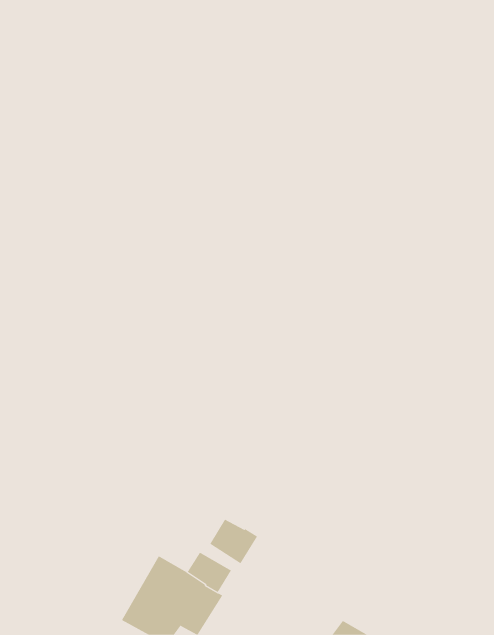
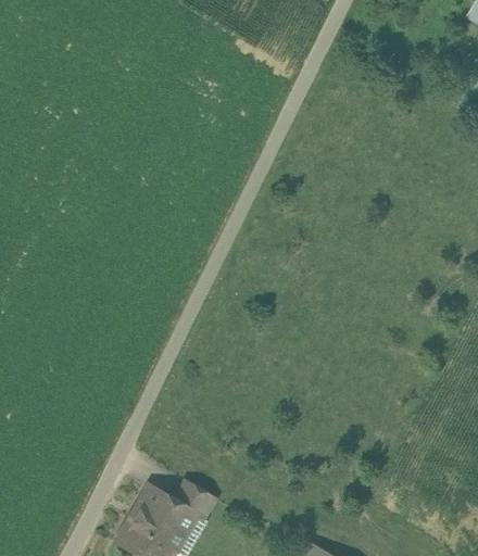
building: [210,519,258,564] -> none

